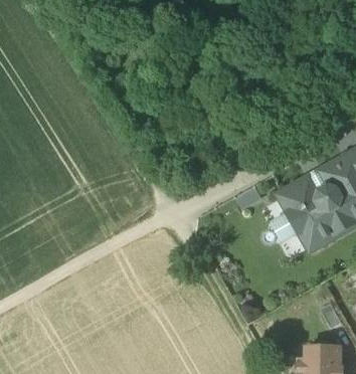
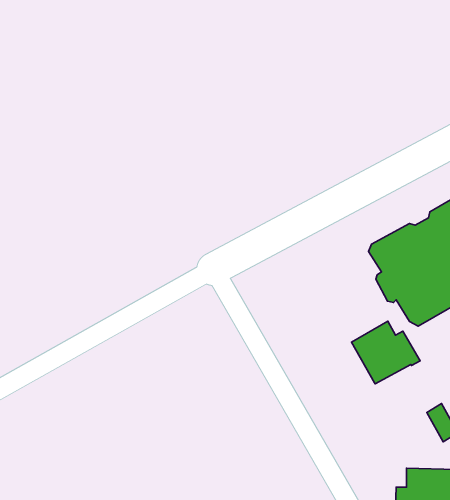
building: none -> [351,321,420,384]

